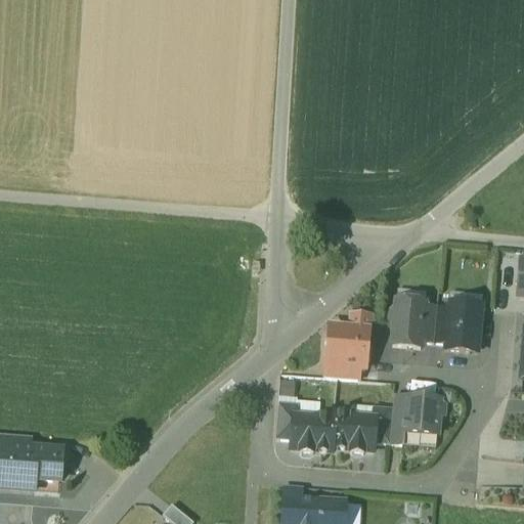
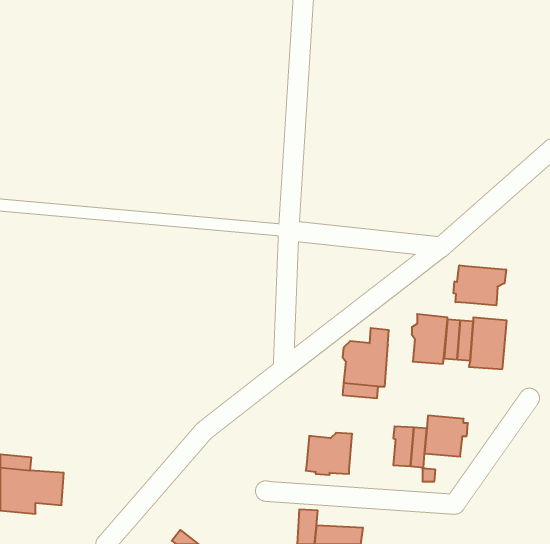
building: none -> [454,265,506,305]
building: [276,400,298,438] -> none
building: [333,407,377,450] -> none

